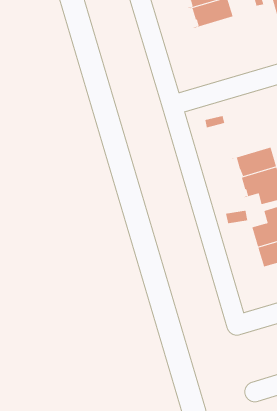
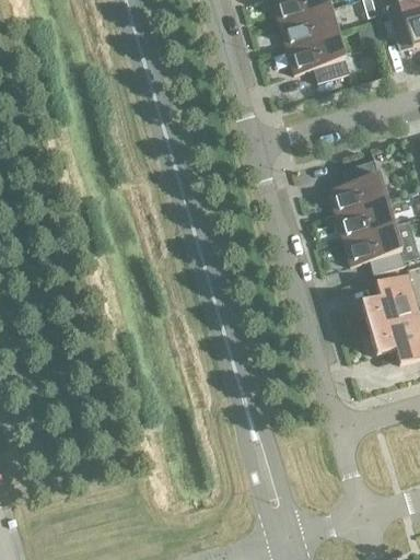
building: none -> [287,32,349,82]
building: none -> [327,159,386,214]

